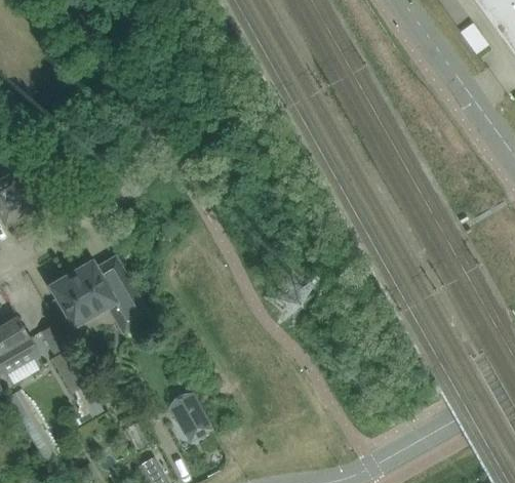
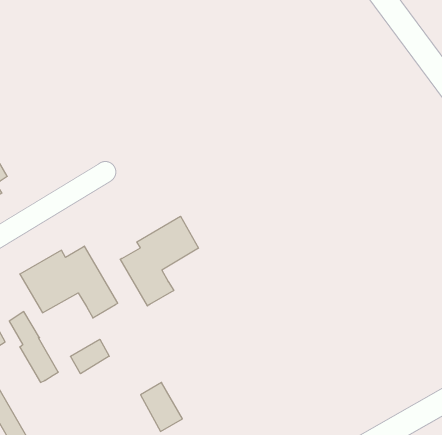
building: none -> [120,216,198,306]
building: none -> [70,339,109,374]

